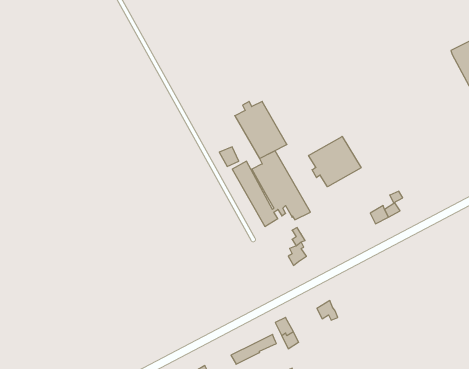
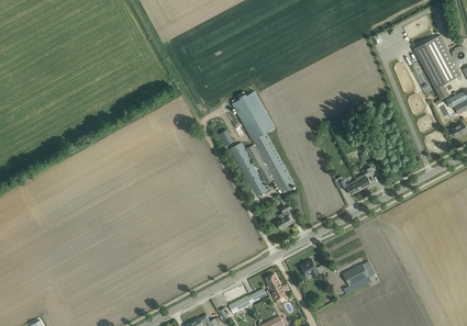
building: [309,136,361,187] -> none
building: none -> [342,263,371,294]

